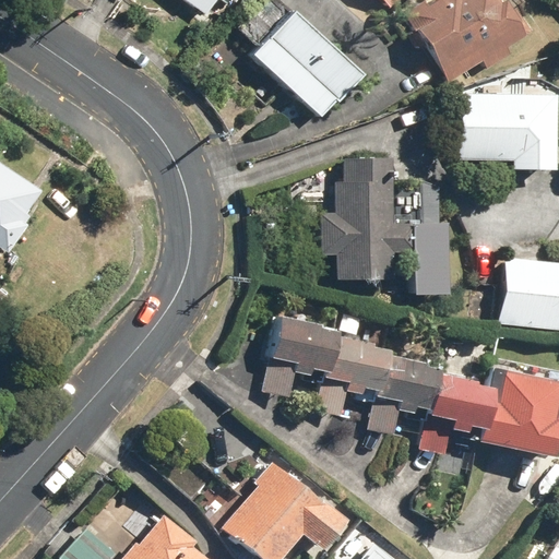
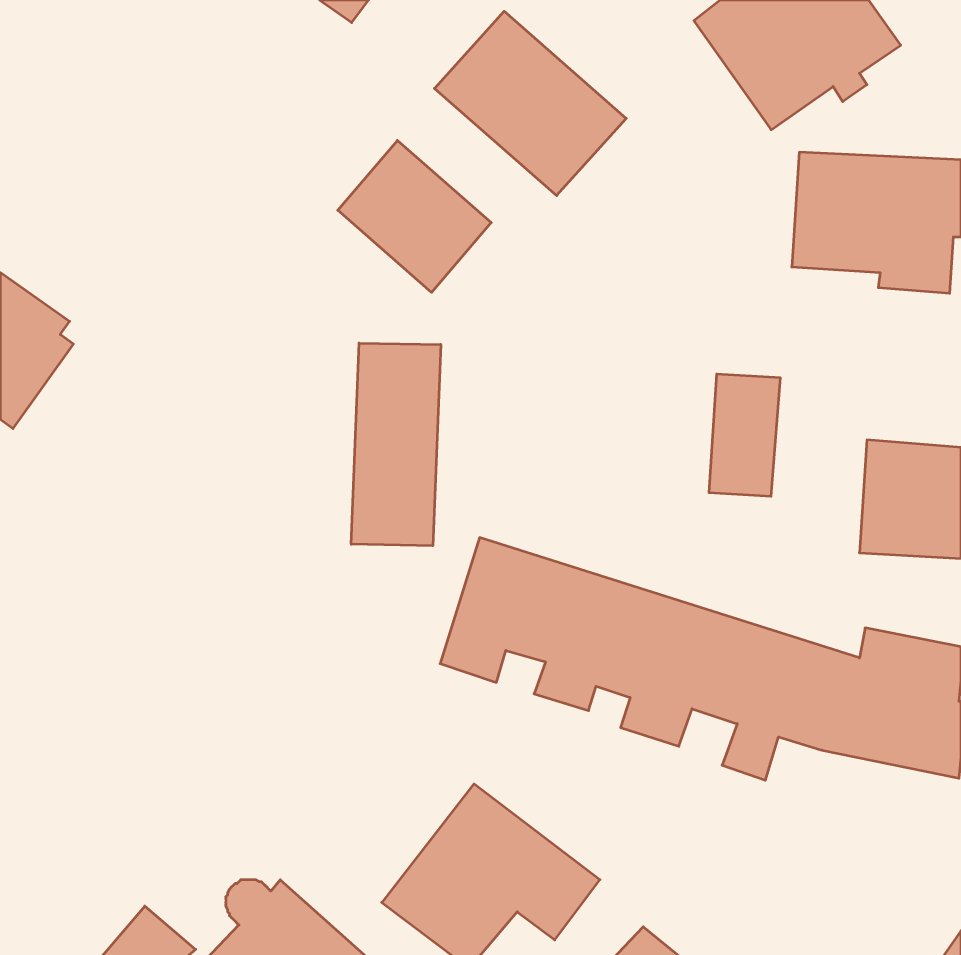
building: none -> [338,140,491,292]
building: [322,157,408,280] -> none
building: none -> [351,343,441,546]

